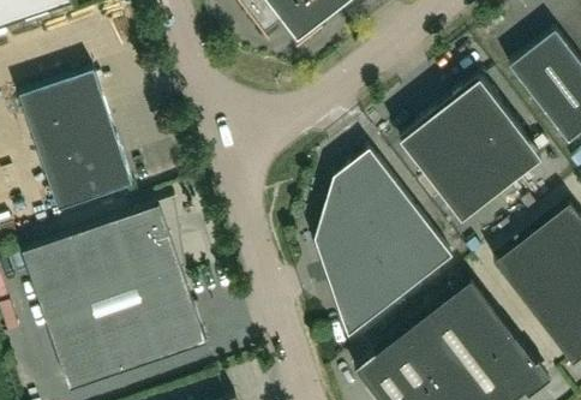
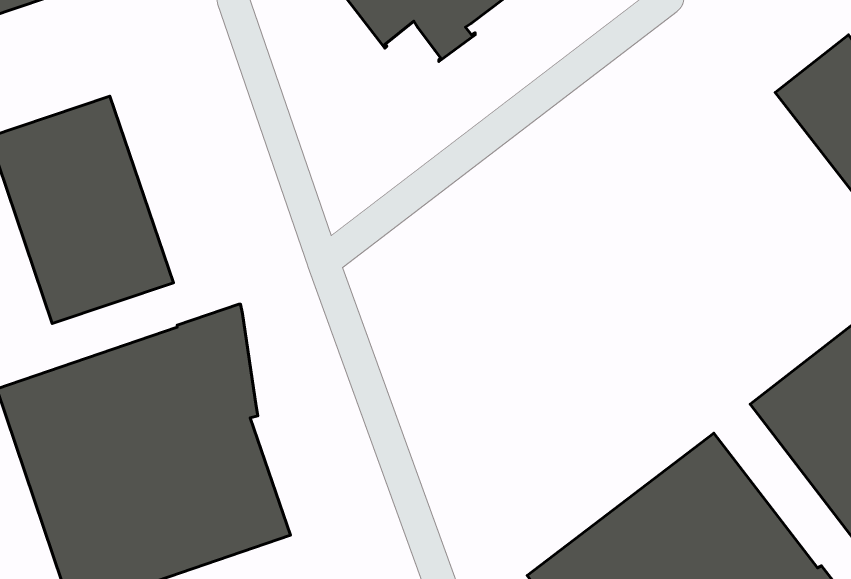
building: [400,78,541,220] -> none
building: [315,150,451,338] -> none

